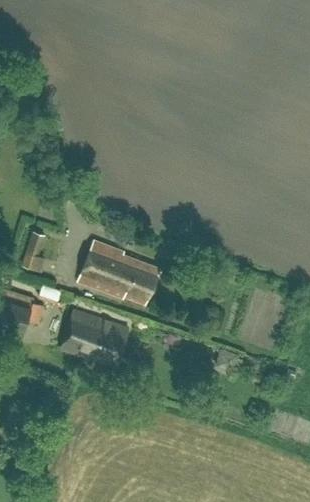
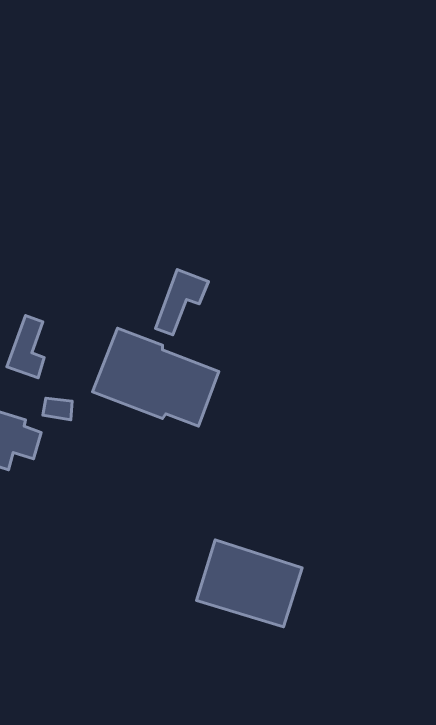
building: none -> [156,269,209,335]
building: [60,310,128,366] -> [196,540,302,627]

